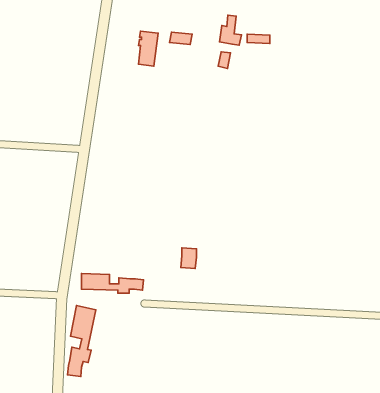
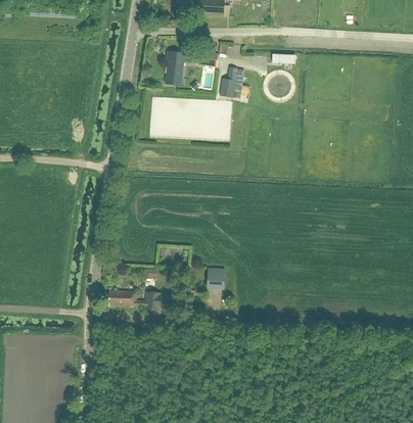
building: [220,15,241,45] -> [221,66,242,96]
building: [68,306,96,376] -> none

